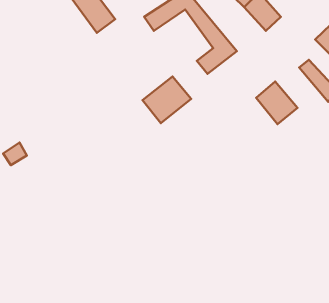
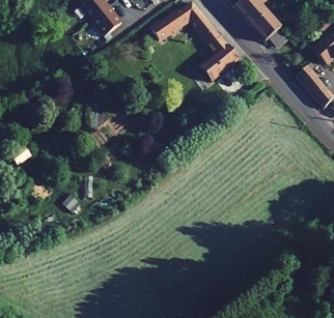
building: [143,77,191,123] -> none
building: [256,81,298,124] -> none

